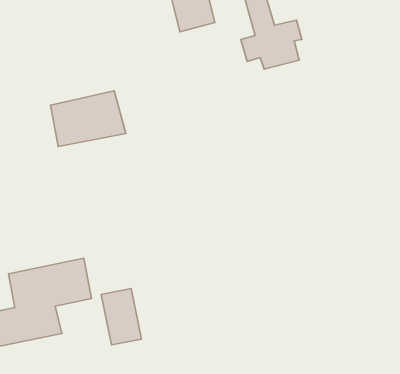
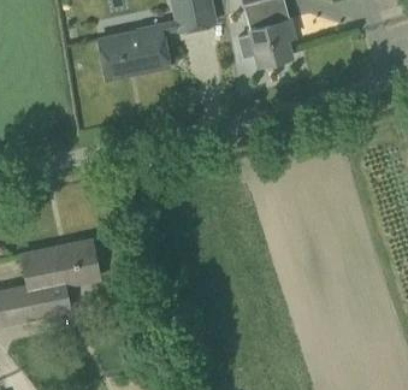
building: [51,91,126,147] -> [100,28,170,79]
building: [101,289,142,345] -> none

